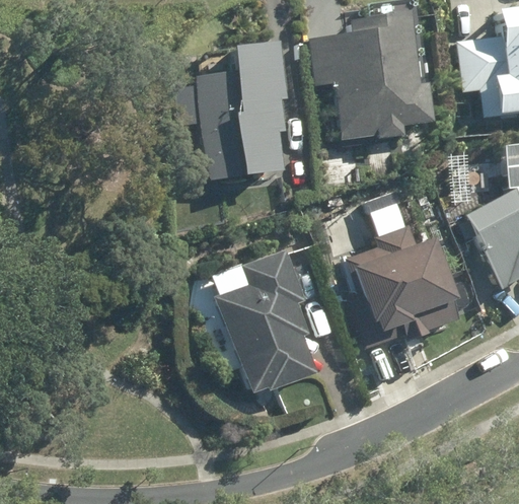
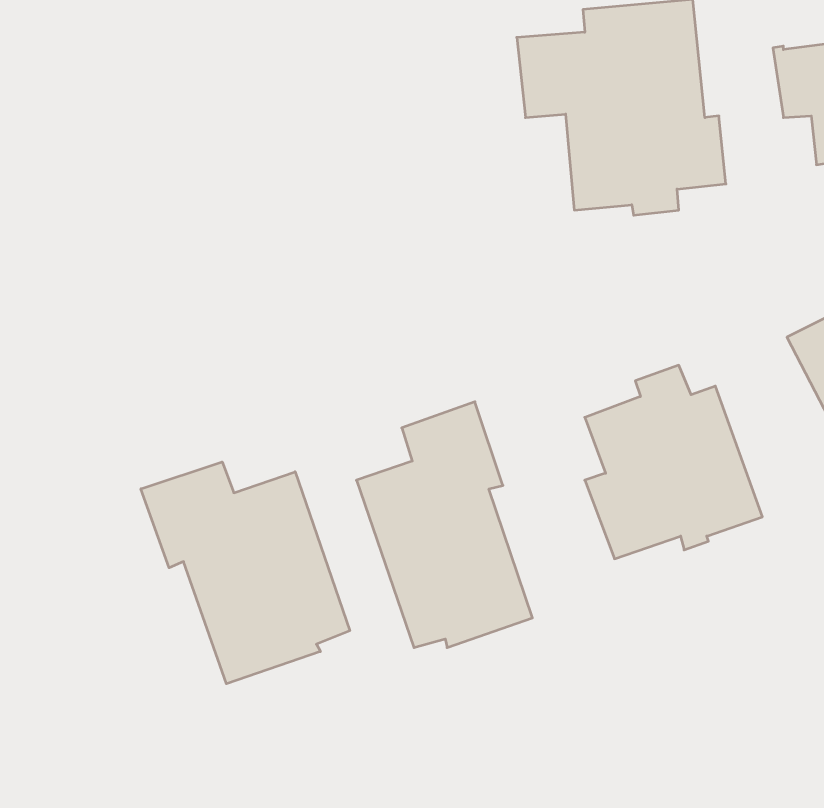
building: [196,46,287,179] -> none
building: none -> [141,462,350,684]

